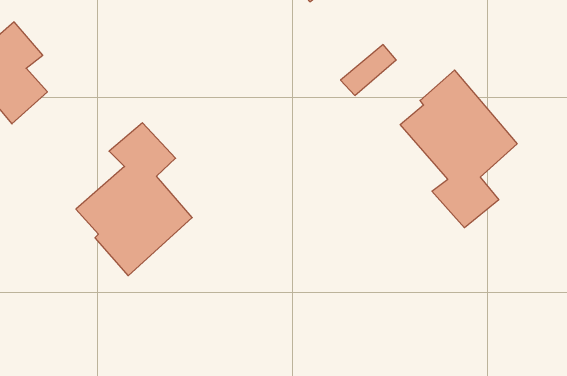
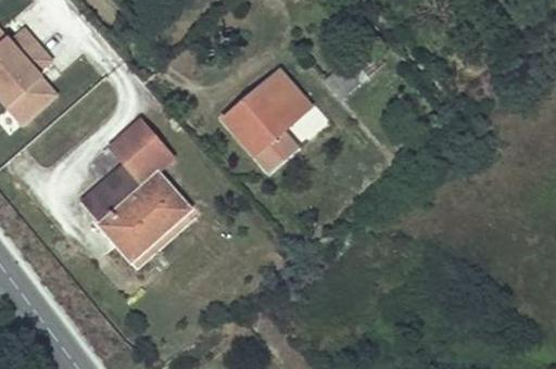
building: none -> [224,71,311,173]
building: [400,70,517,228] -> none

